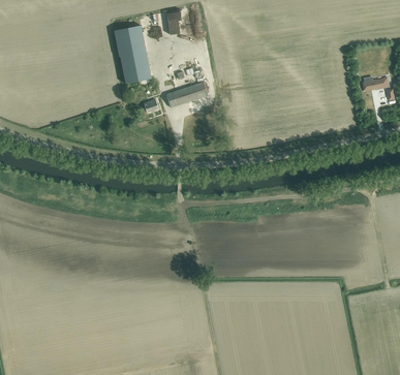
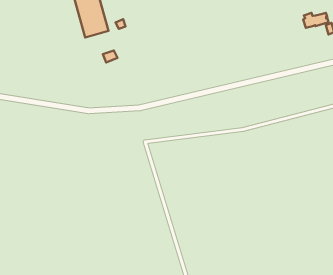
building: [164,82,206,107] -> none

